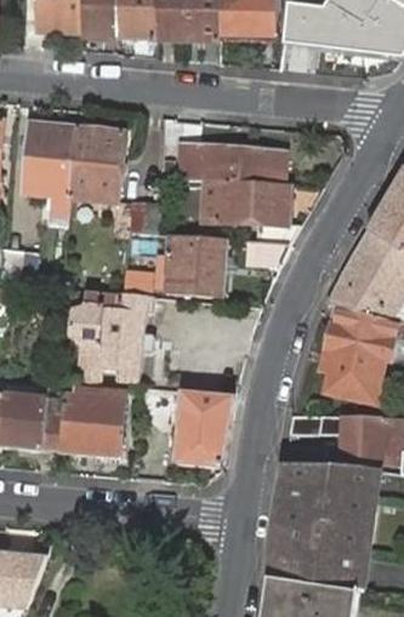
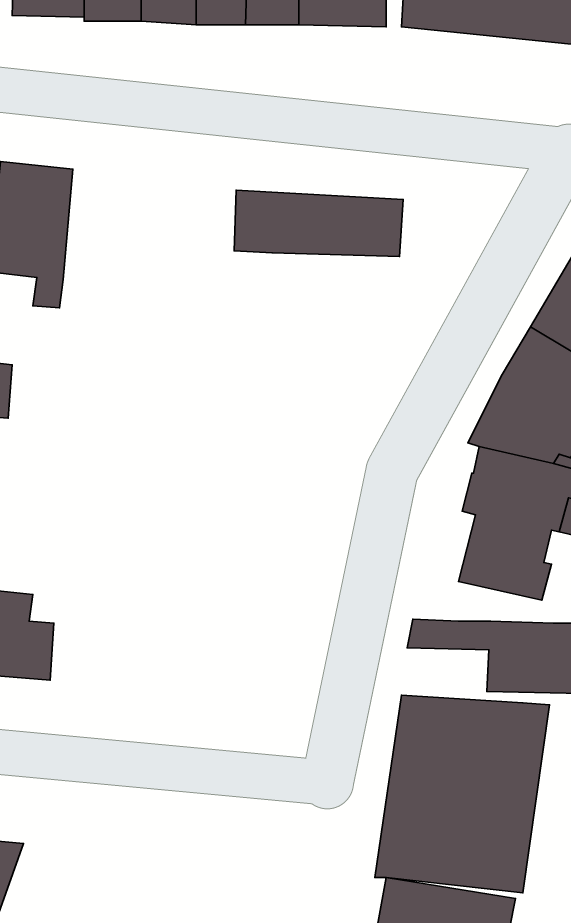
building: [69,126,159,234] -> none
building: [201,179,298,244] -> none
building: [166,235,227,297] -> none
building: [70,291,157,383] -> none
building: [61,389,126,459] -> none
building: [175,394,234,465] -> none

